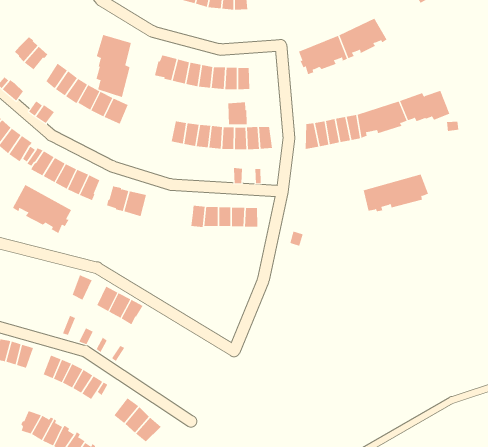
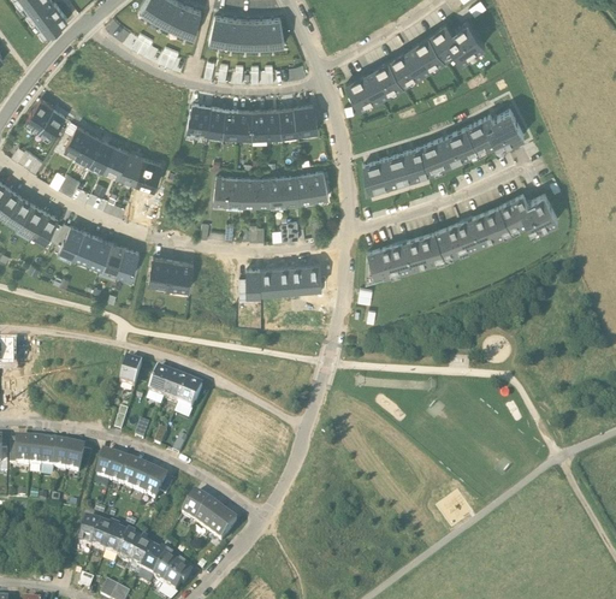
building: none -> [427,22,484,61]
building: [96,34,131,98] -> none
building: [227,102,248,125] -> [292,105,318,132]
building: none -> [498,195,557,230]
building: [12,184,72,234] -> none
building: none -> [366,232,443,281]

